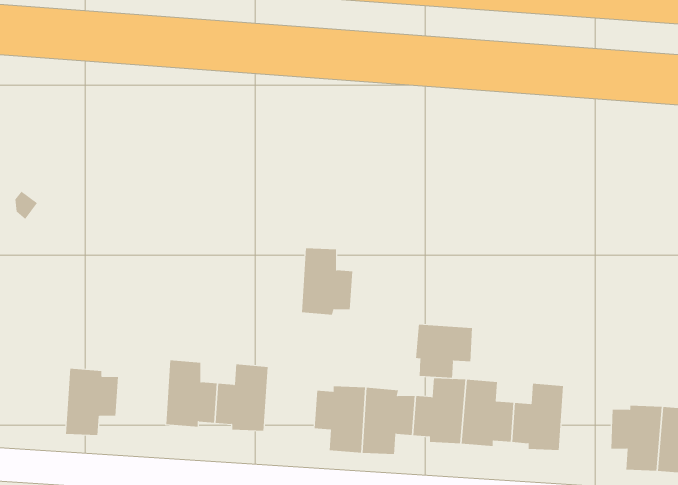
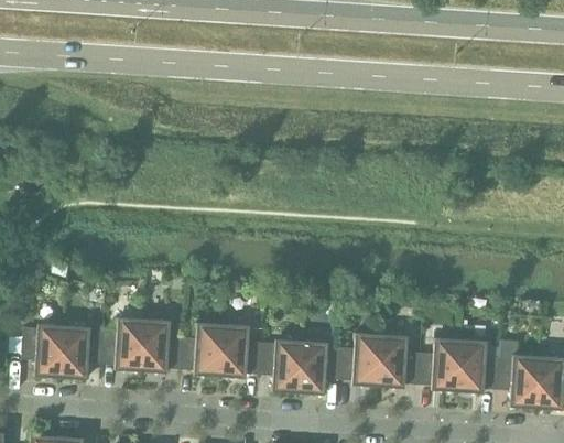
building: [301,248,353,315] -> [221,324,263,378]
building: [415,324,473,379] -> none
building: none -> [102,317,145,370]
building: none -> [23,324,65,378]
building: none -> [458,339,500,393]

